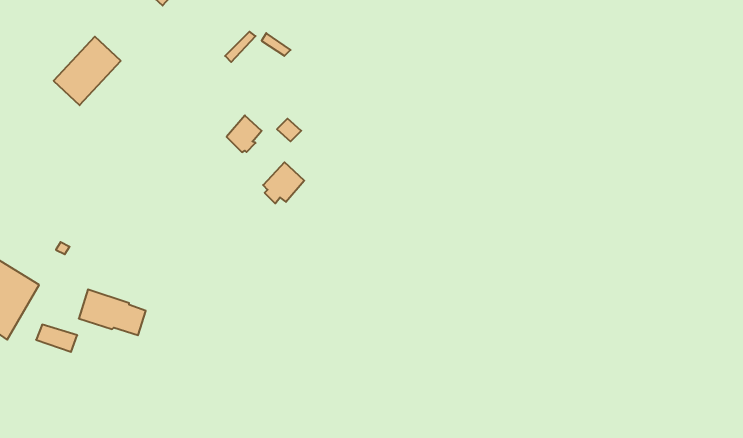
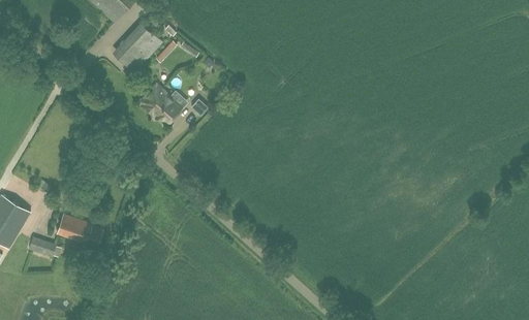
building: [54,37,121,105] -> [117,25,162,71]
building: [263,162,304,203] -> [142,84,169,111]

